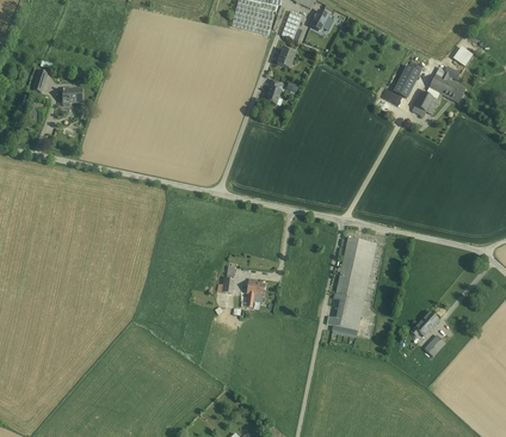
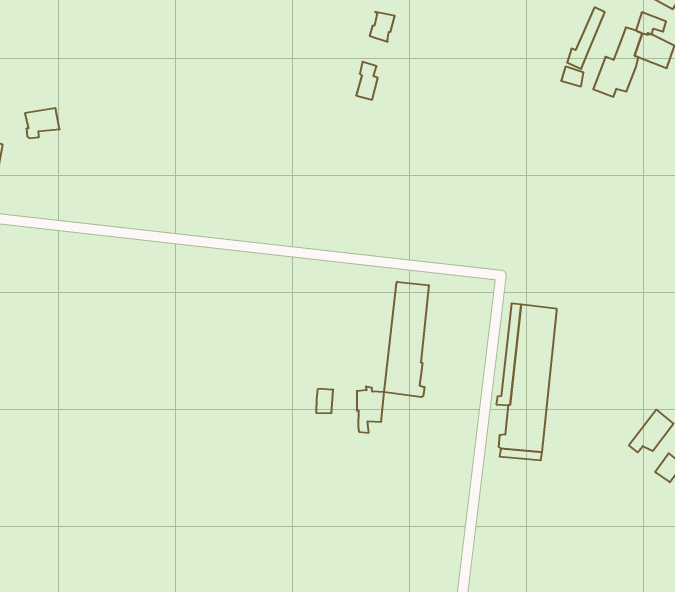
building: none -> [384,282,429,397]

